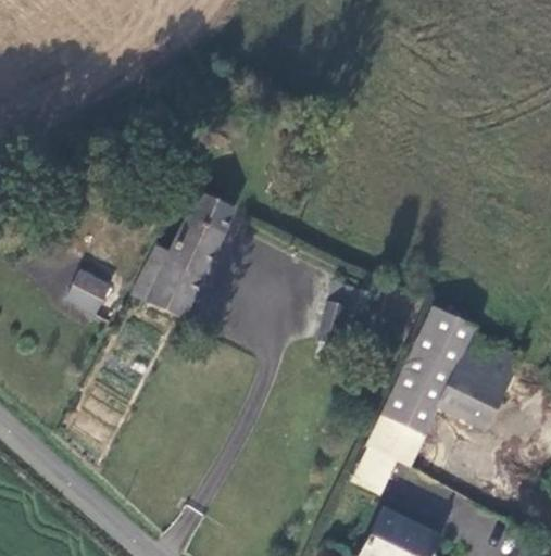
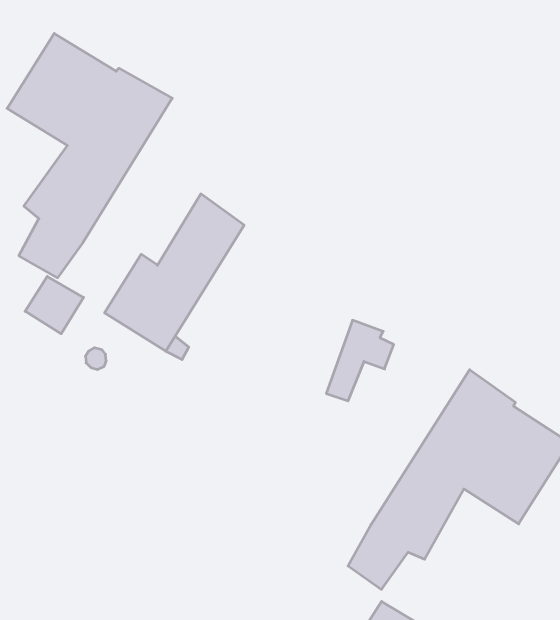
building: none -> [7,33,172,278]

